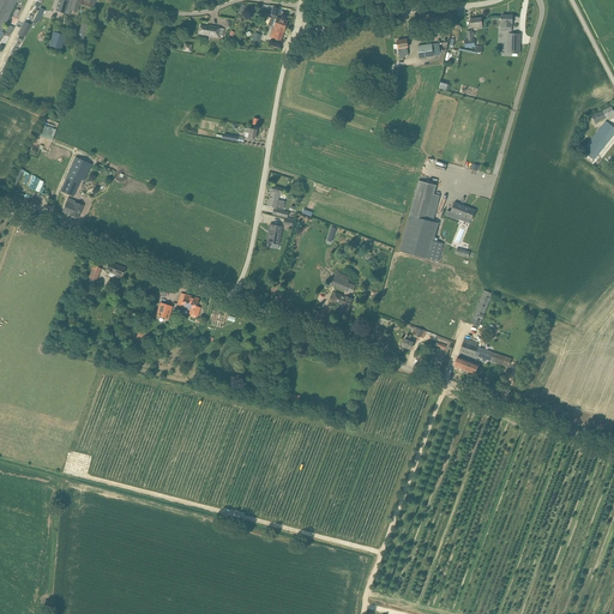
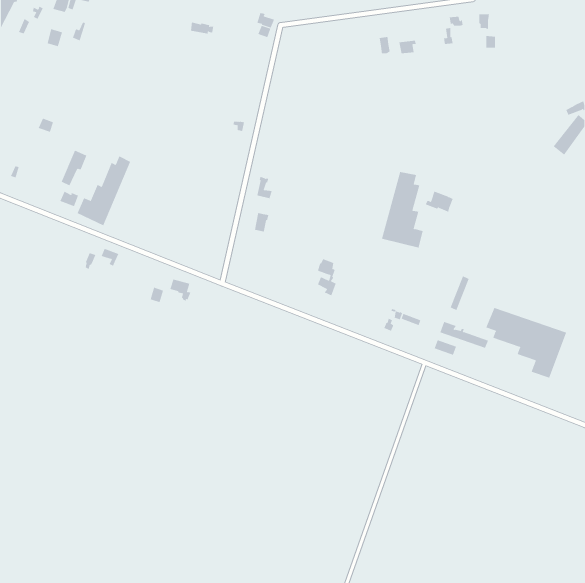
building: none -> [77,155,131,226]
building: none -> [486,307,567,379]

